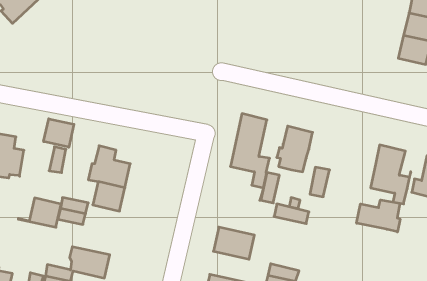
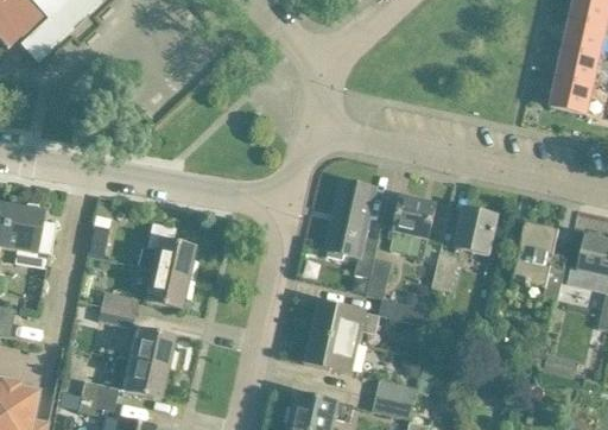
building: [44,119,74,147] -> none
building: none -> [456,207,498,253]
building: [18,198,61,227] -> [116,327,173,366]
building: [357,200,400,232] -> none
building: none -> [311,299,380,340]

